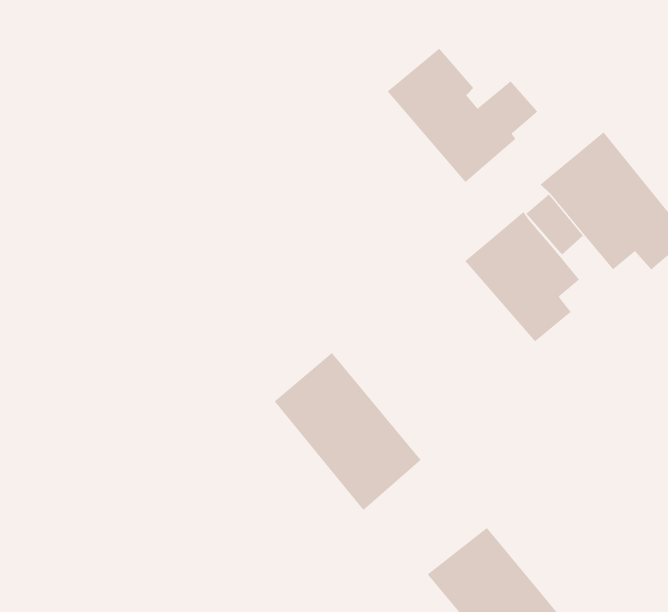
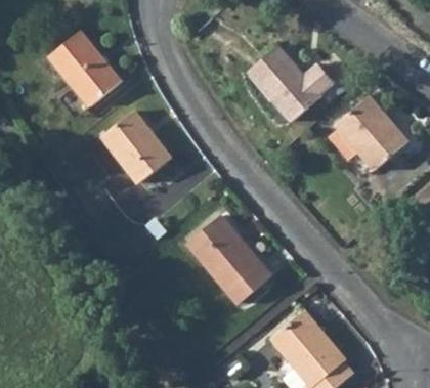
building: none -> [47,34,120,111]
building: none -> [100,114,170,184]
building: [465,211,580,342] -> none

